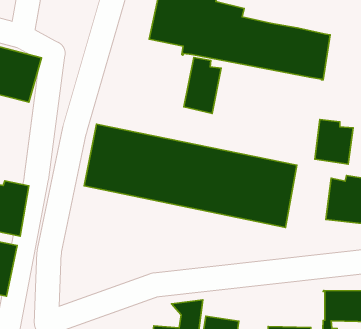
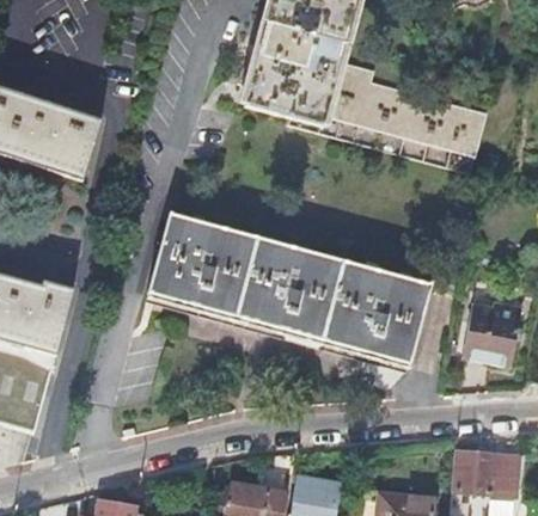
building: [184,58,221,114] -> none
building: [315,119,353,164] -> none

